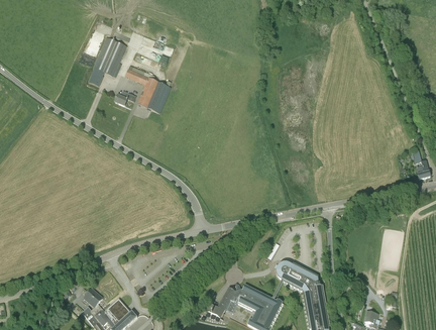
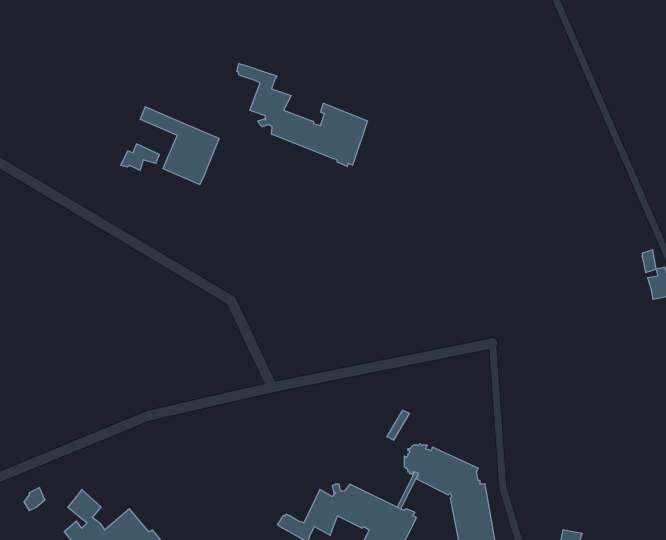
building: [87,35,126,85] -> none
building: none -> [237,63,367,167]

